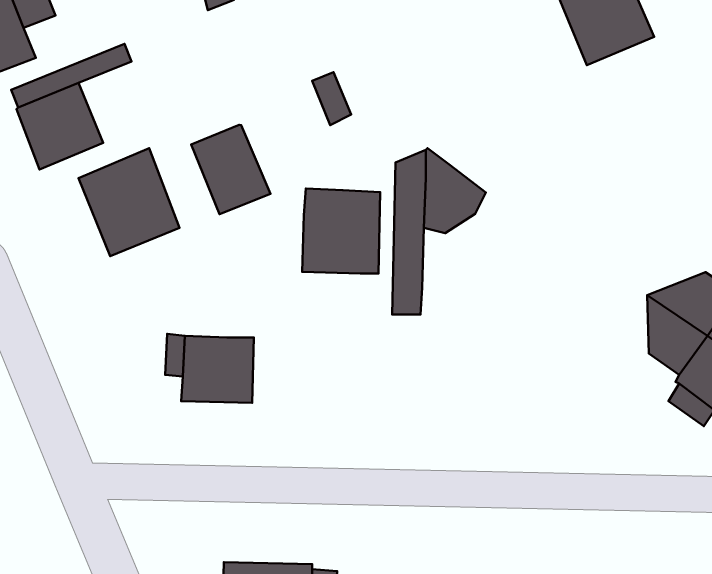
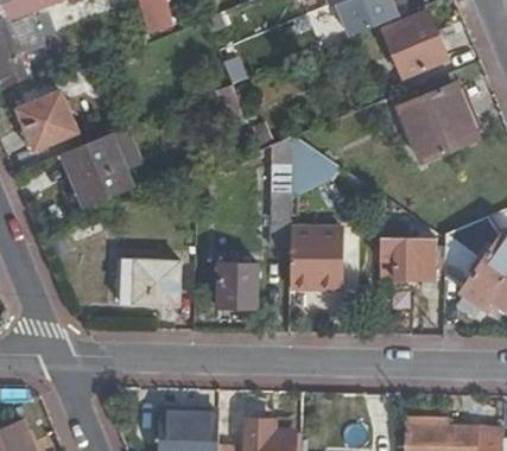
building: none -> [398,85,476,161]
building: [191,125,271,214] -> none
building: [302,189,380,273] -> [290,228,342,285]
building: none -> [379,239,437,281]
building: none -> [218,261,258,307]

